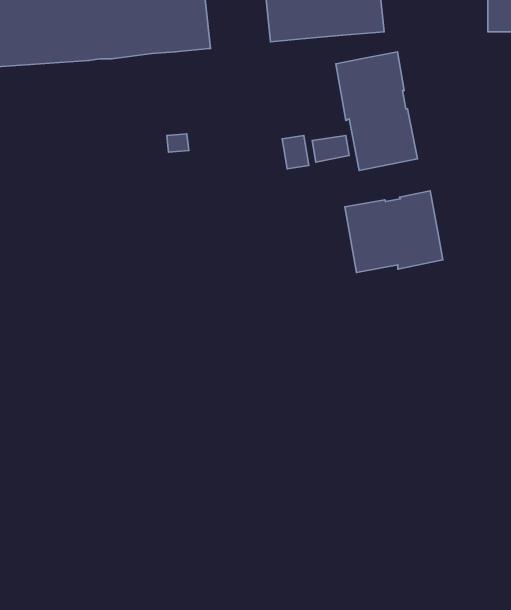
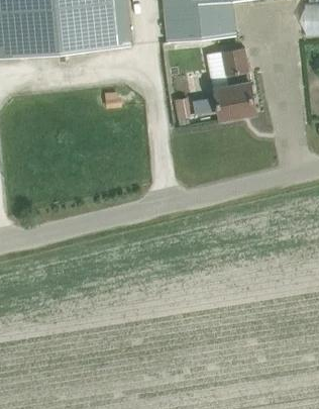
building: [345,191,443,272] -> none

